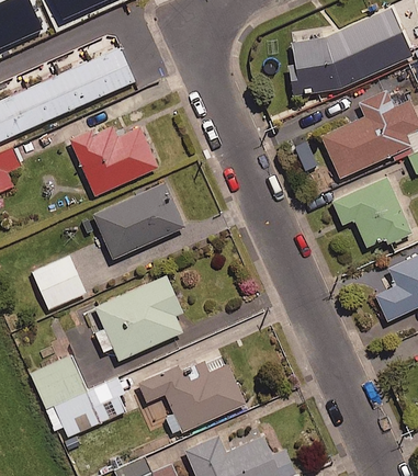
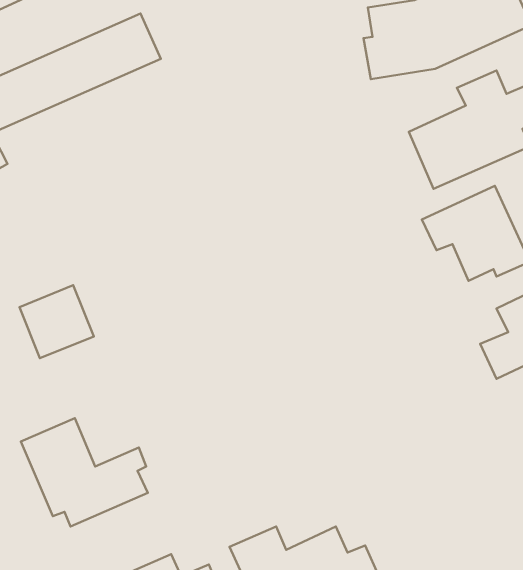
building: [69,126,158,197] -> none
building: [92,183,185,260] -> none
building: [94,276,183,362] -> none
building: [138,362,246,433] -> none

